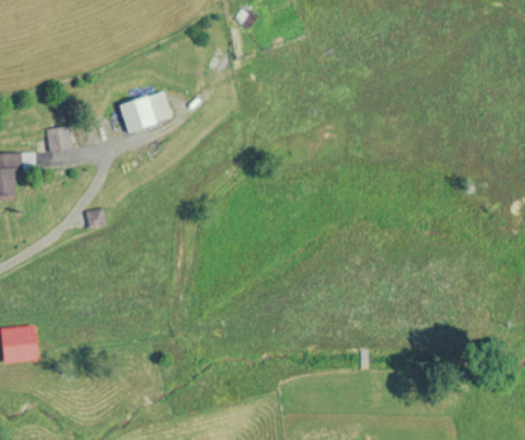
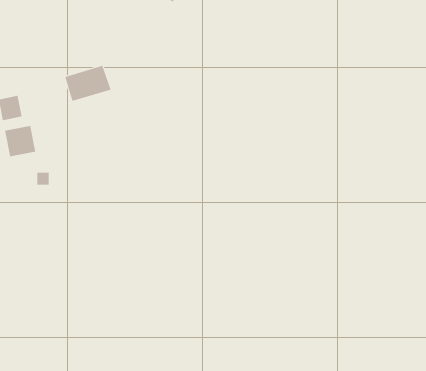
building: none -> [4,125,36,157]

